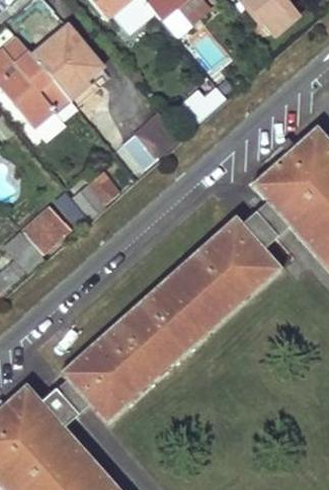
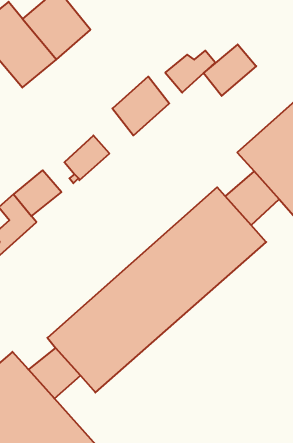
building: none -> [204,44,256,96]

